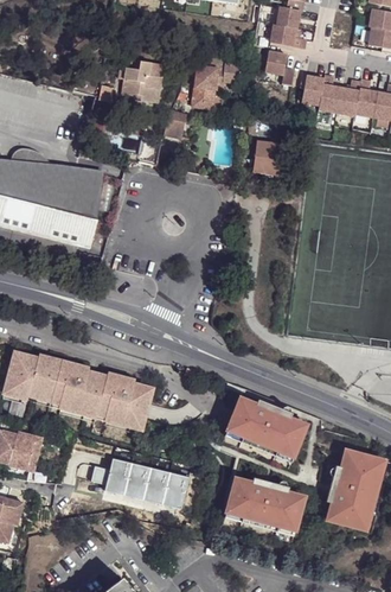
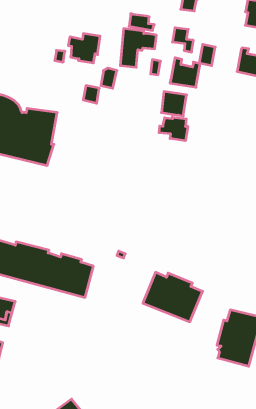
building: [270,24,306,47] -> [129,14,154,30]
building: [319,74,361,115] -> [170,58,200,87]
building: none -> [159,117,188,141]
building: [103,458,187,510] -> none
building: [223,476,305,541] -> none

